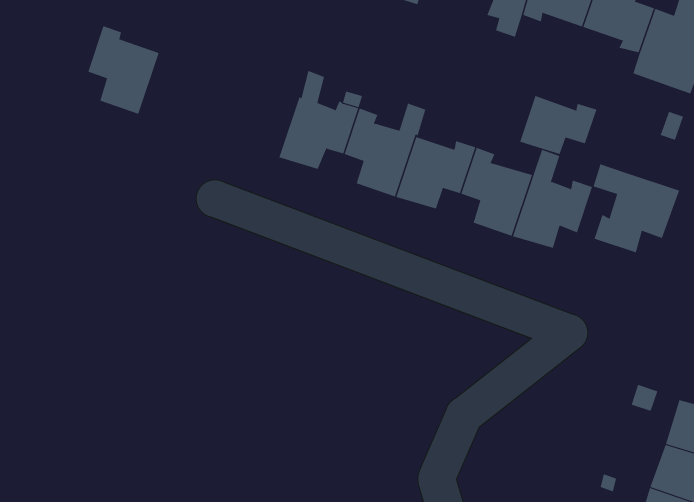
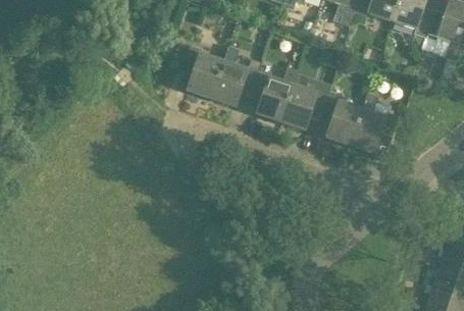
building: [87,25,160,115] -> [181,45,223,98]
building: [520,95,597,155] -> none
building: [593,164,680,253] -> none

